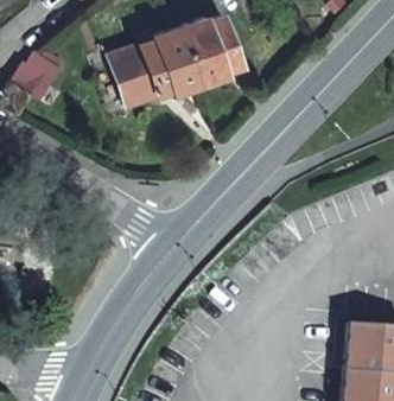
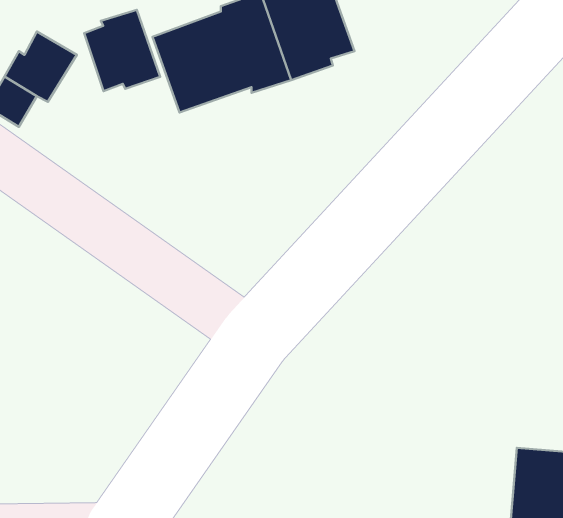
building: none -> [84,10,160,91]

